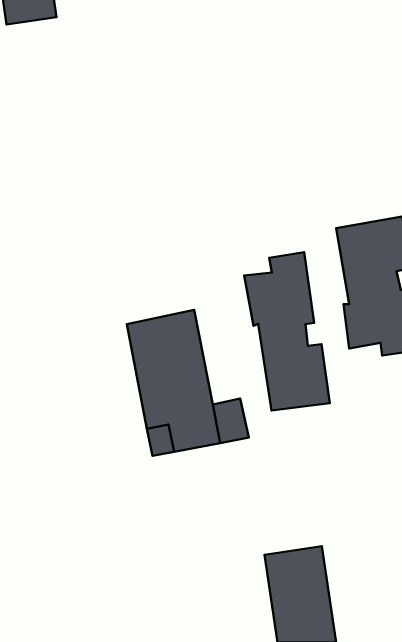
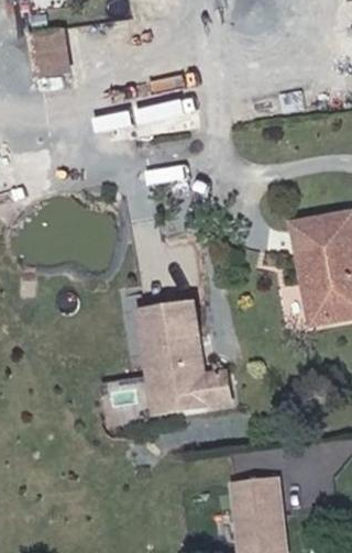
building: [244,252,330,410] -> none

